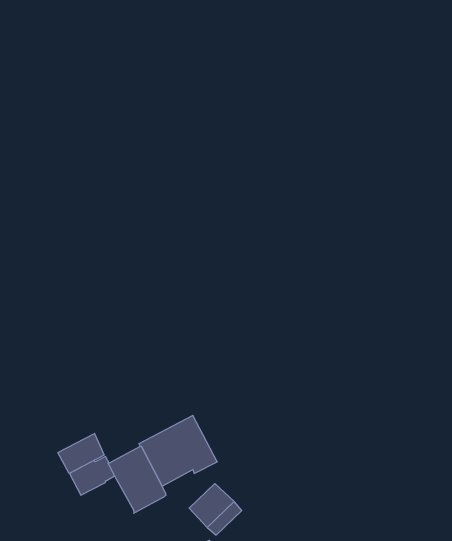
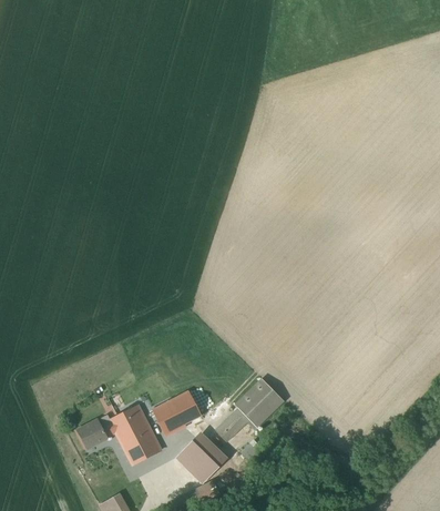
building: none -> [214,377,283,441]
building: [58,433,104,473] -> none

